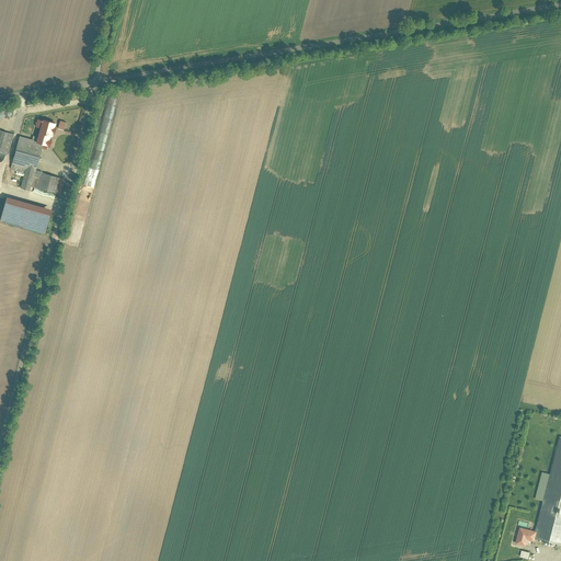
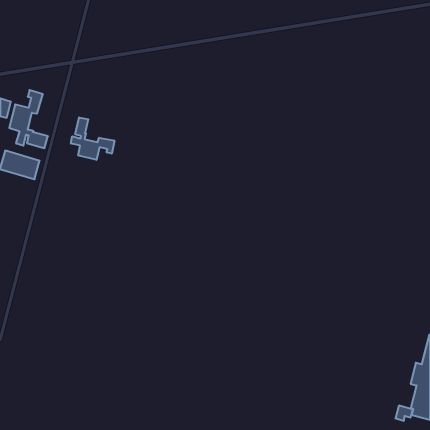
building: none -> [71,117,114,160]

